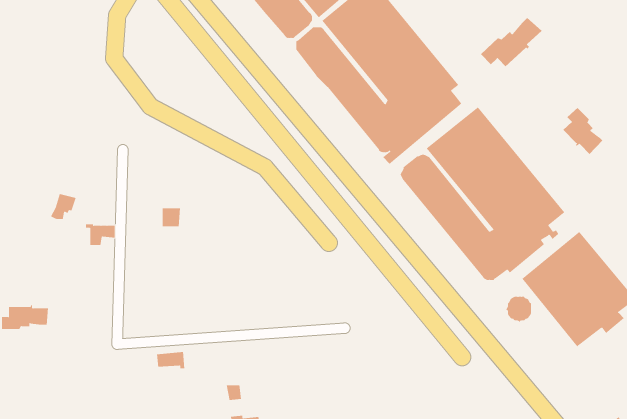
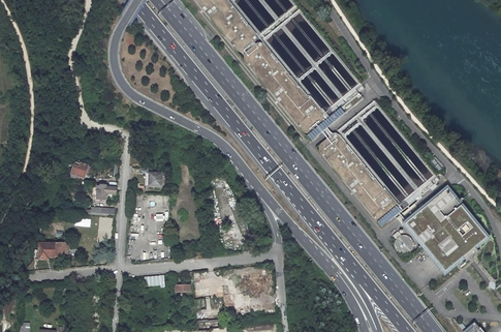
building: [480,17,543,67] -> none
building: [563,107,603,155] -> none

